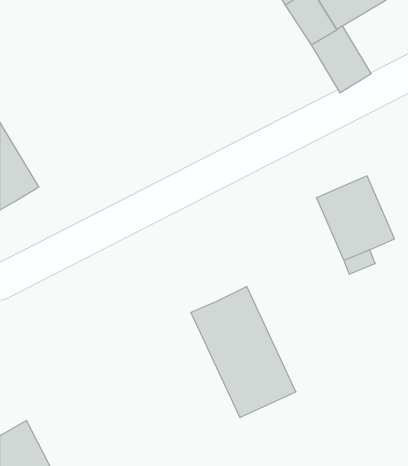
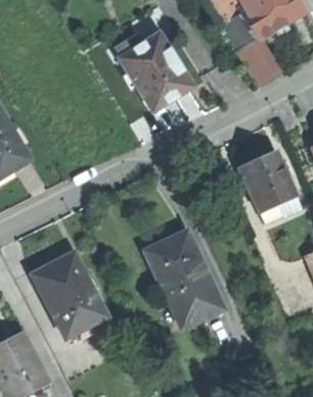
building: none -> [120,34,191,109]
building: none -> [32,253,105,338]

